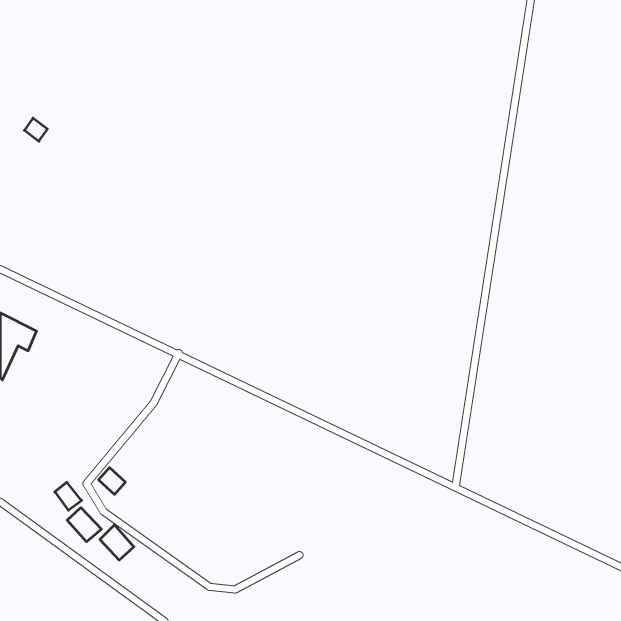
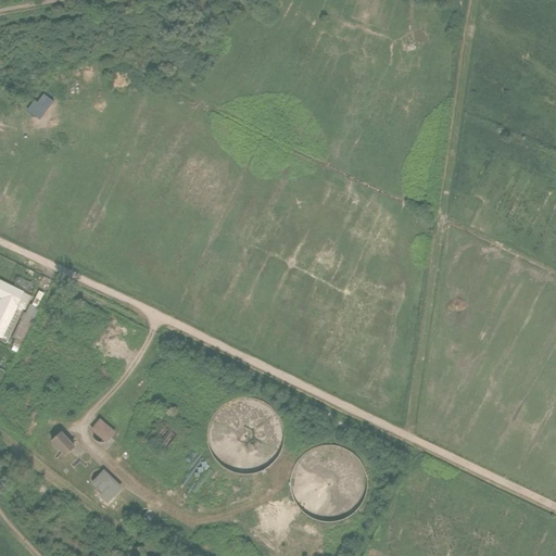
building: [67,508,101,542] -> none

